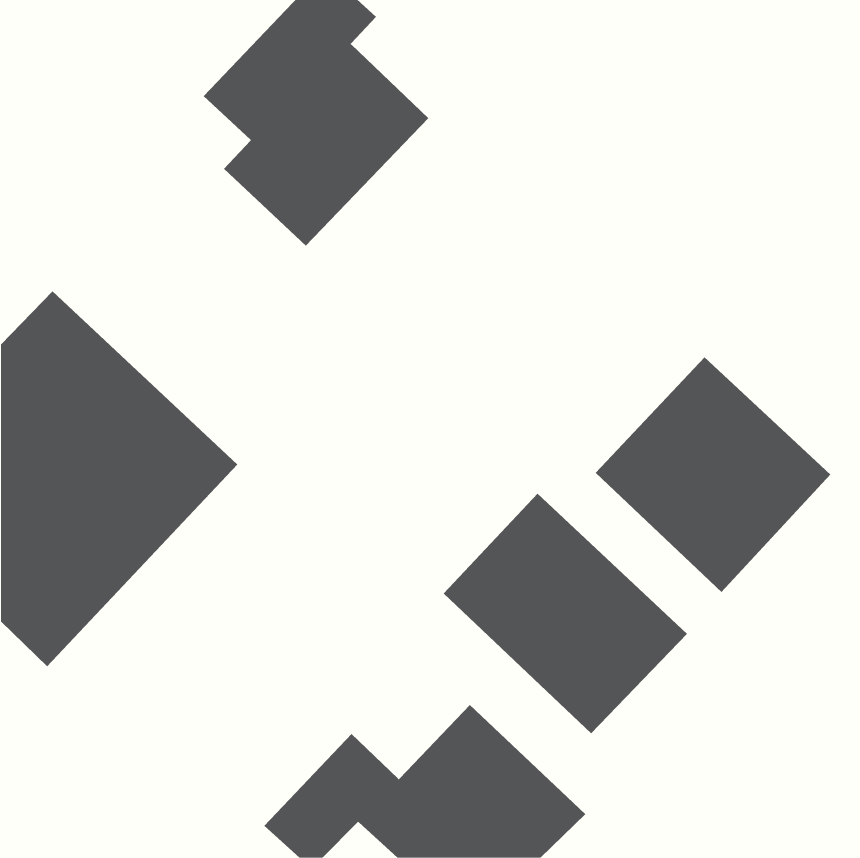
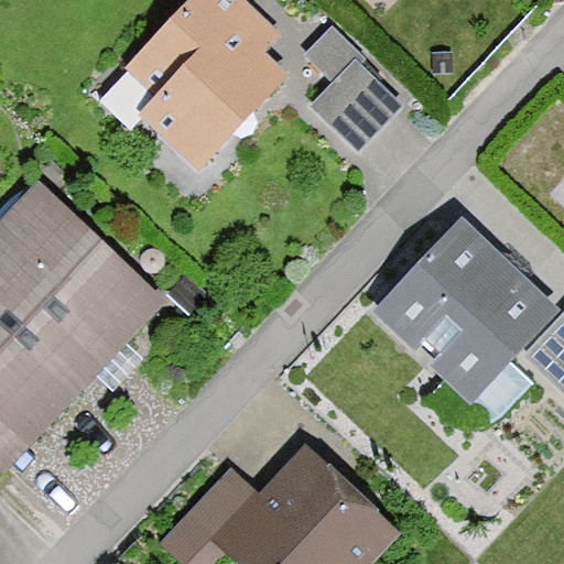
building: none -> [310,29,397,145]
building: [443,493,688,734] -> none

